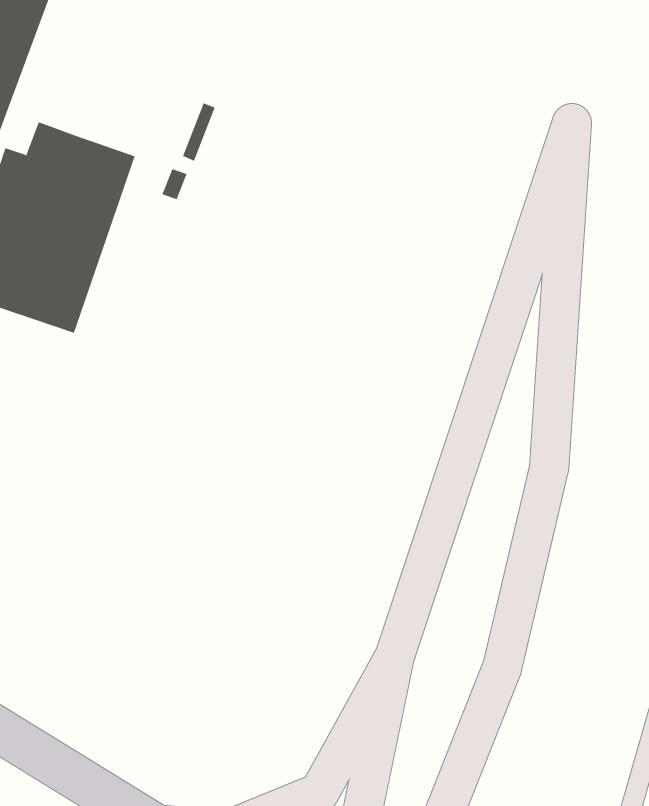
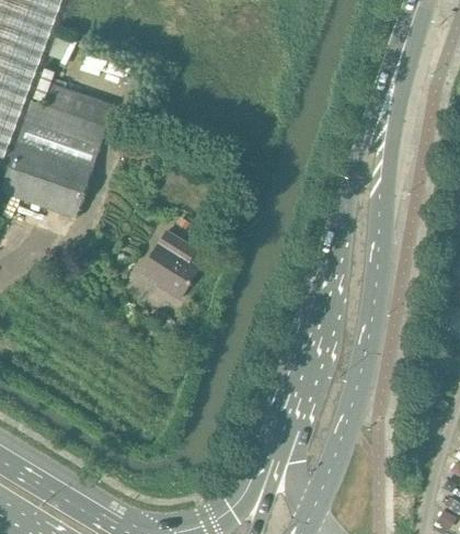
building: none -> [140,231,197,298]

